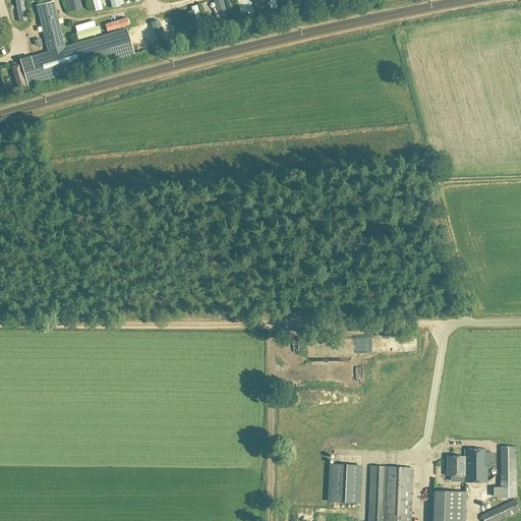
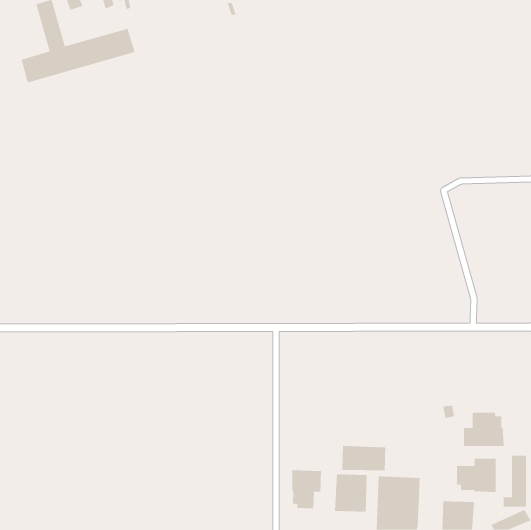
building: none -> [464,412,504,447]
building: none -> [342,445,386,471]
building: none -> [292,470,321,509]

